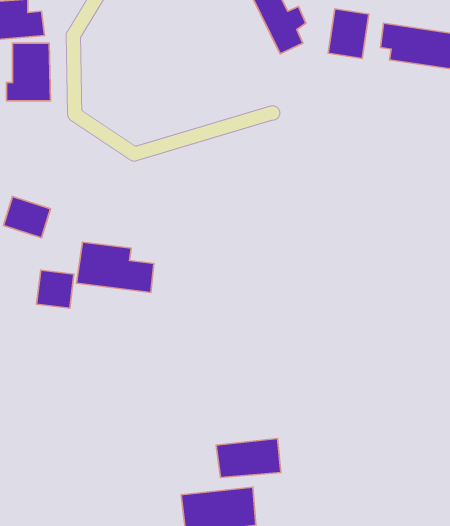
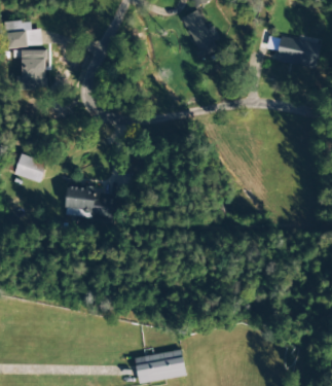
building: [328,9,369,58] -> none
building: [37,270,74,308] -> none
building: [216,439,281,478] -> none

